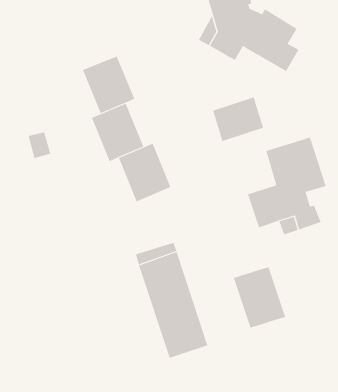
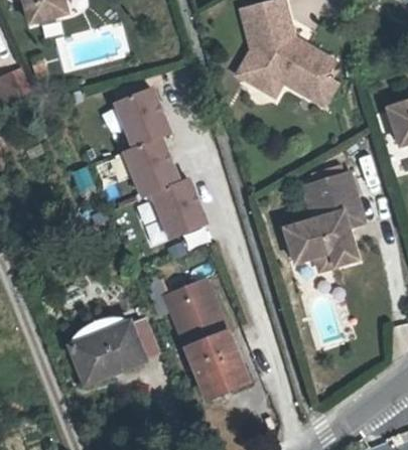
building: [213,97,264,142] -> none
building: [233,266,286,329] -> none
building: none -> [73,314,162,381]

